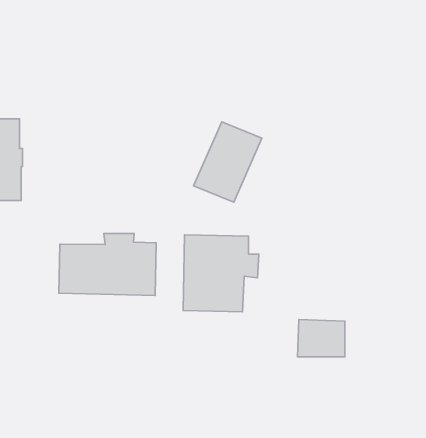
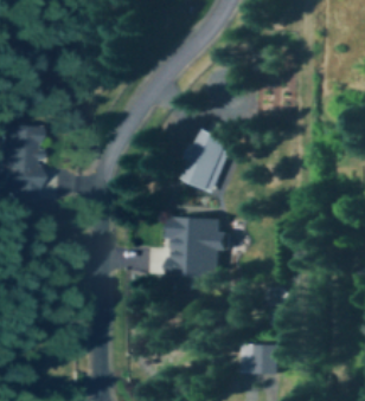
building: [59,233,156,296] -> none
building: [297,320,345,357] -> [238,343,276,373]

